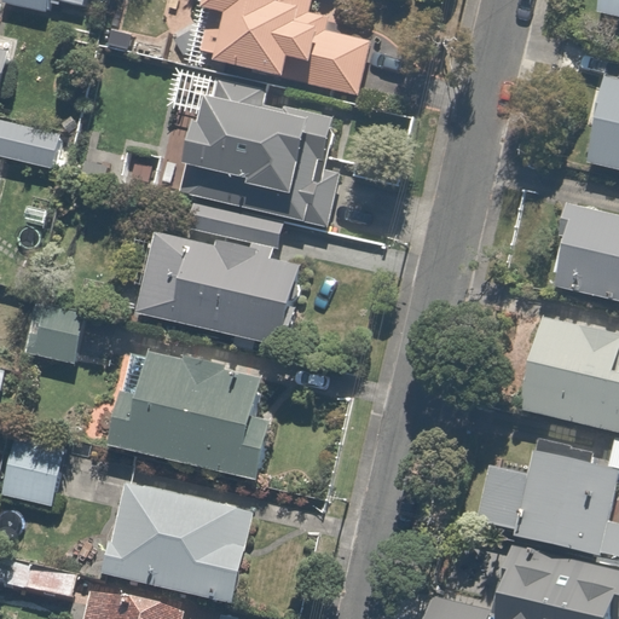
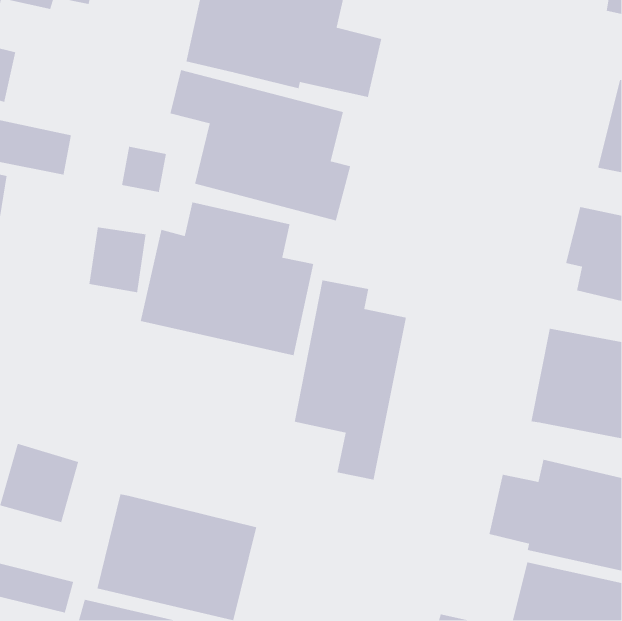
building: none -> [294,280,407,481]
building: [25,299,82,364] -> [88,226,147,293]
building: [105,358,273,476] -> none

